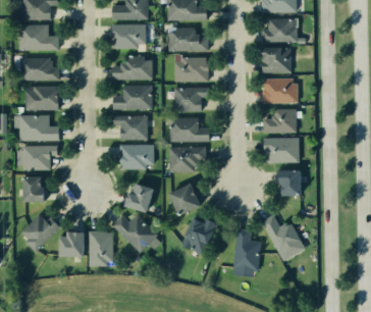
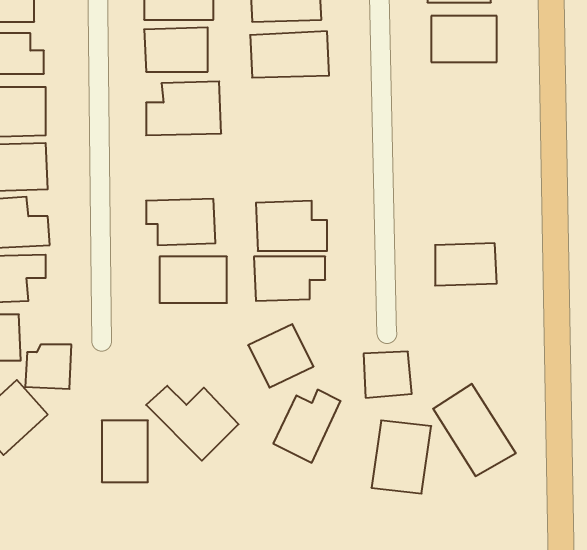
building: [261,48,295,73] -> none
building: [175,58,209,82] -> none
building: [264,80,298,103] -> none
building: [174,86,208,113] -> none
building: [111,87,150,109] -> none
building: [266,110,297,133] -> none
building: [275,169,301,194] -> [364,352,412,398]
building: [121,181,152,212] -> none
building: [57,231,82,255] -> [25,345,71,389]

